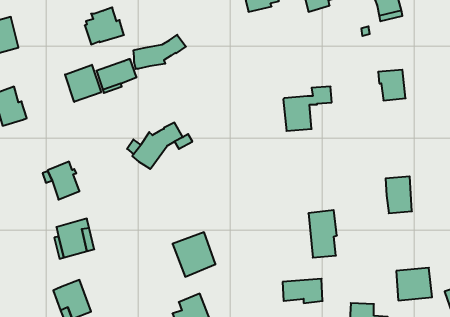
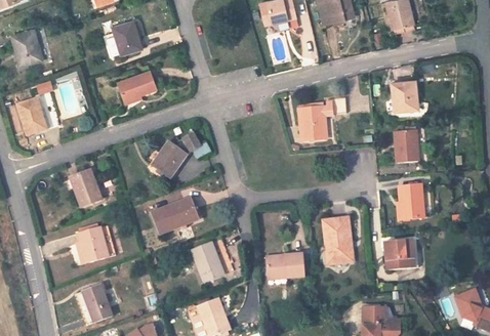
building: [133,35,186,69] -> none
building: [65,65,101,102] -> none
building: none -> [394,130,417,163]
building: none -> [151,198,196,234]
building: [396,268,432,300] -> [383,239,418,270]
building: [283,279,323,303] -> [264,254,303,278]

